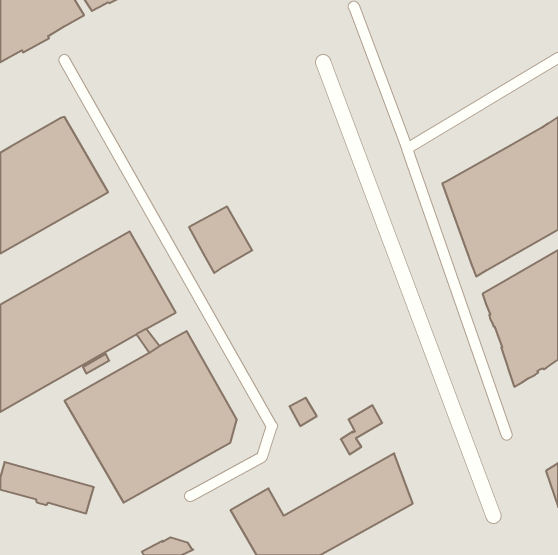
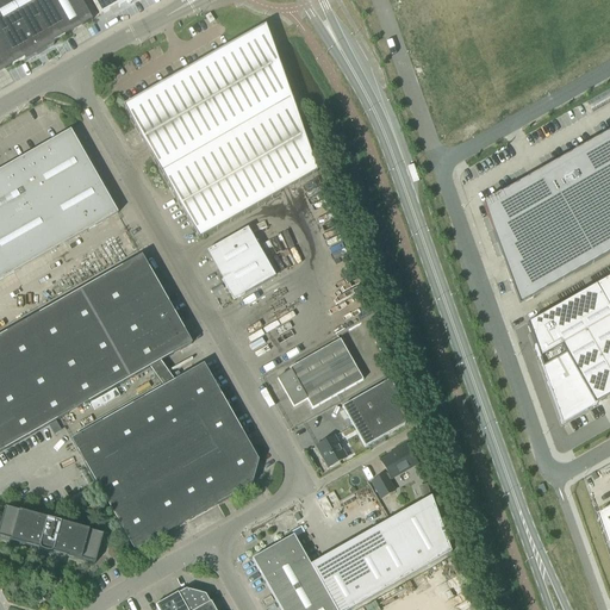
building: none -> [123,23,317,237]
building: none -> [278,337,362,406]
building: none -> [342,376,405,444]

